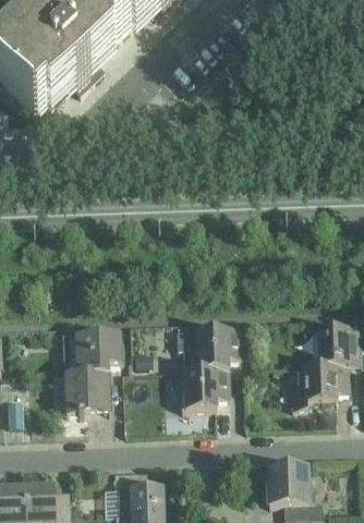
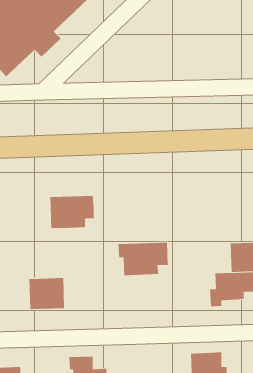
building: [63,331,120,373] -> [50,196,95,228]
building: [184,367,230,408] -> none

